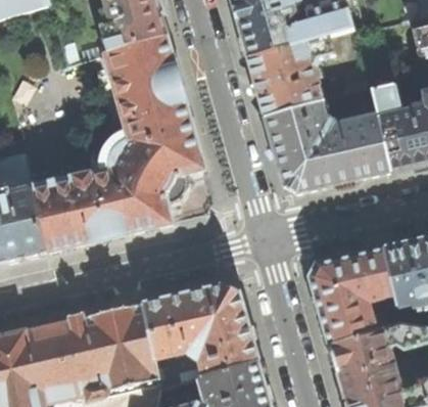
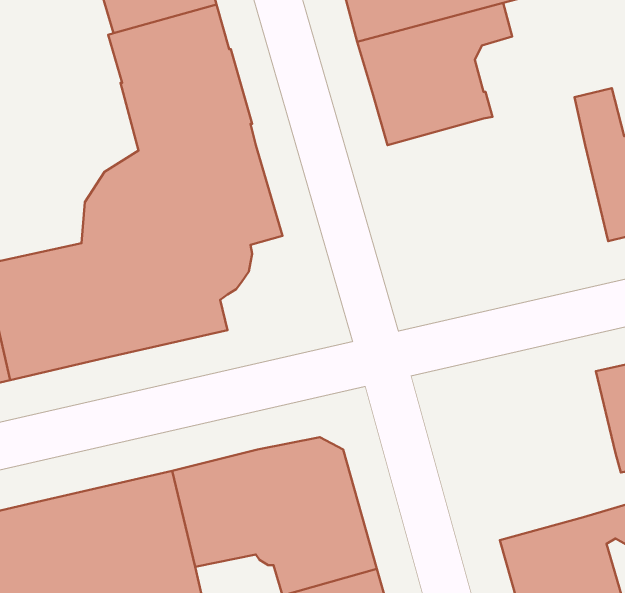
building: [264,101,390,193] -> none
building: [308,246,394,344] -> none

